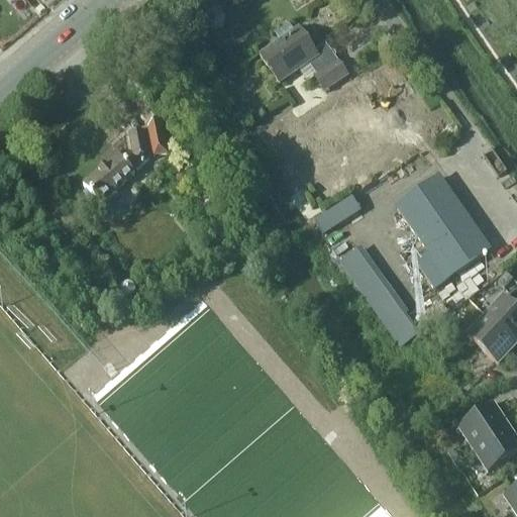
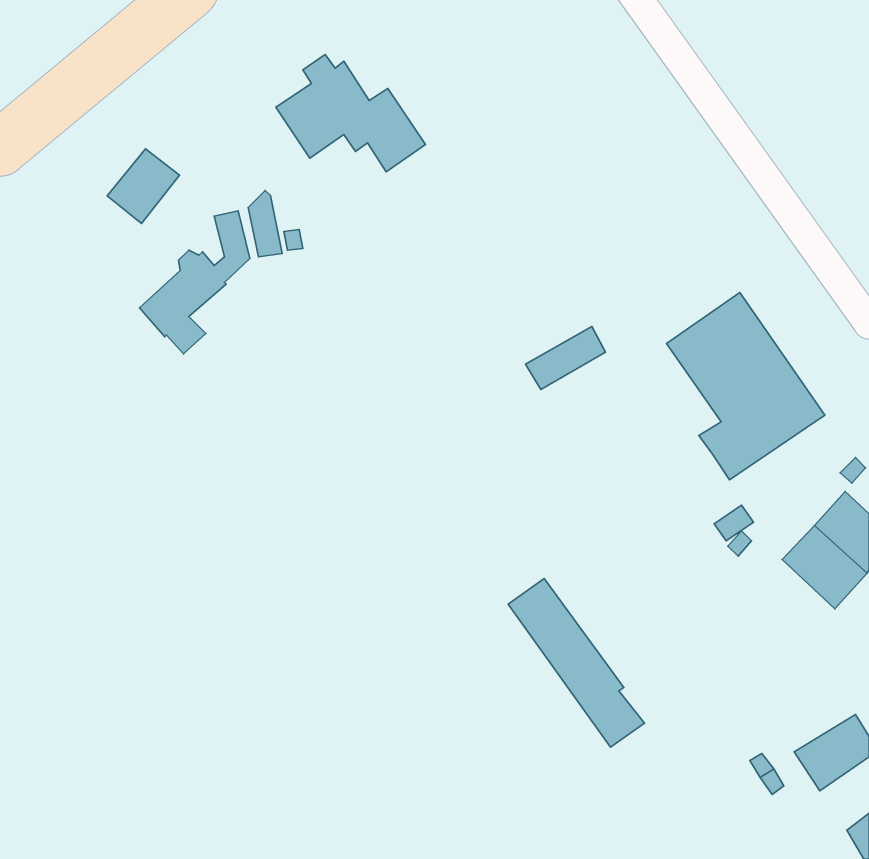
building: [258,20,347,90] -> [276,55,425,172]
building: none -> [107,149,179,224]
building: [339,244,420,344] -> [508,579,644,747]
building: [456,400,508,446] -> none

